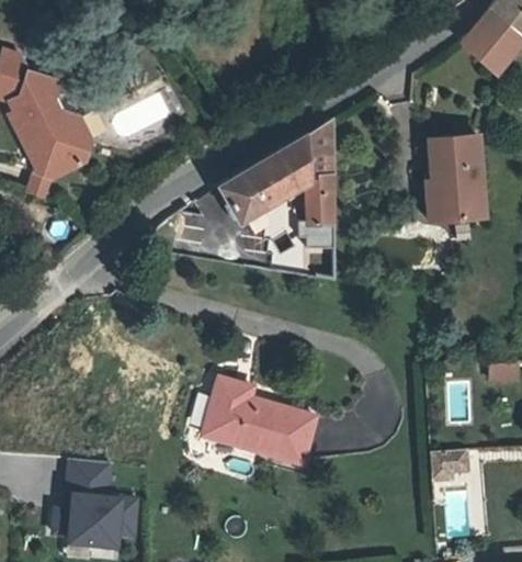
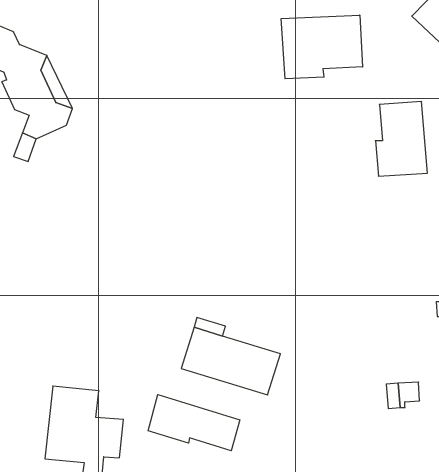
building: none -> [281,15,363,79]
building: [215,121,337,276] -> none
building: none -> [148,395,240,451]

